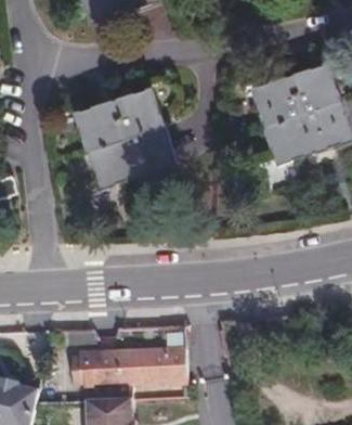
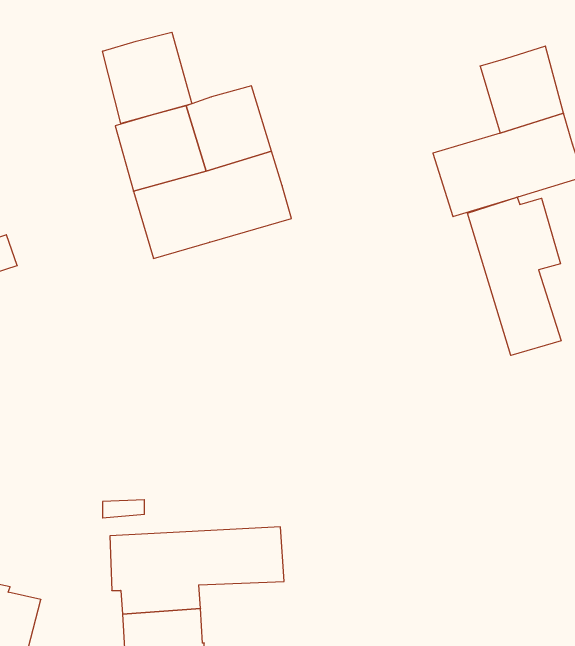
building: none -> [103,32,192,124]
building: [253,74,307,126] -> none
building: none -> [467,197,561,355]

